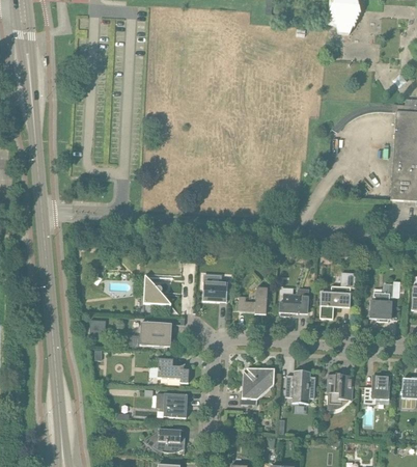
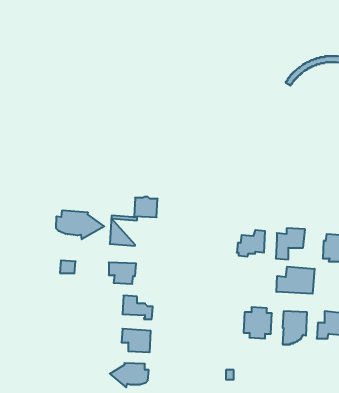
building: none -> [56,210,104,239]
building: [202,279,227,301] -> [134,197,158,217]
building: [238,286,267,313] -> none
building: none -> [276,267,315,294]
building: [239,366,274,405] -> none

